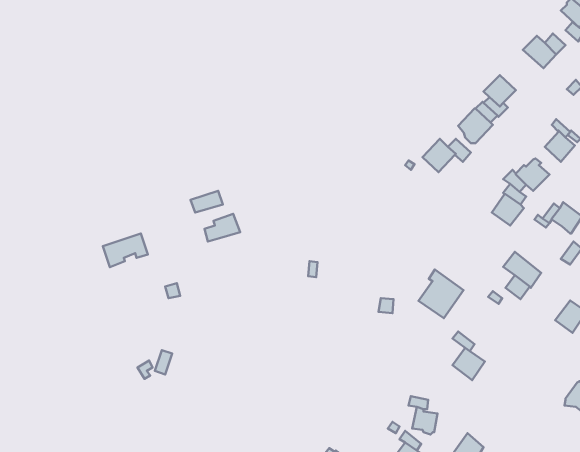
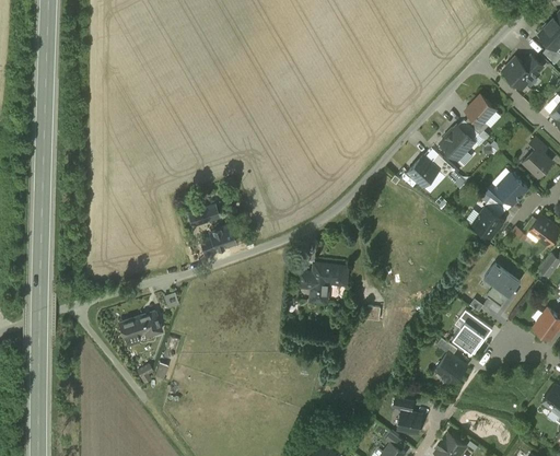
building: [103,234,148,267] -> [118,312,161,343]
building: none -> [310,264,346,302]
building: [419,270,464,318] -> [451,311,493,356]

